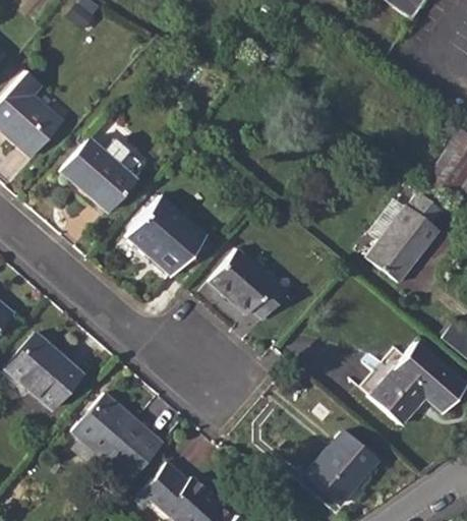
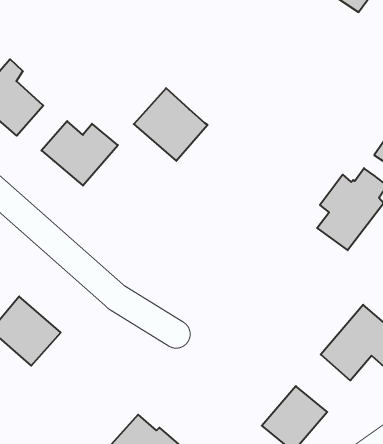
building: [127,195,209,276] -> [134,88,208,161]
building: [210,248,288,319] -> none
building: [73,393,164,482] -> none

